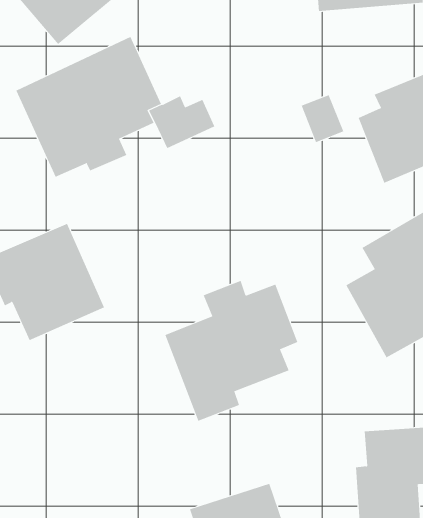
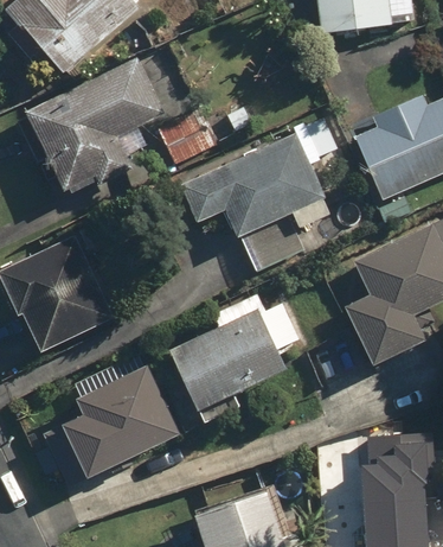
building: none -> [181,134,333,275]
building: none -> [63,361,186,478]

